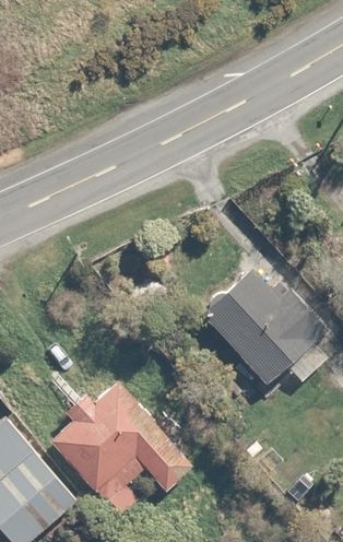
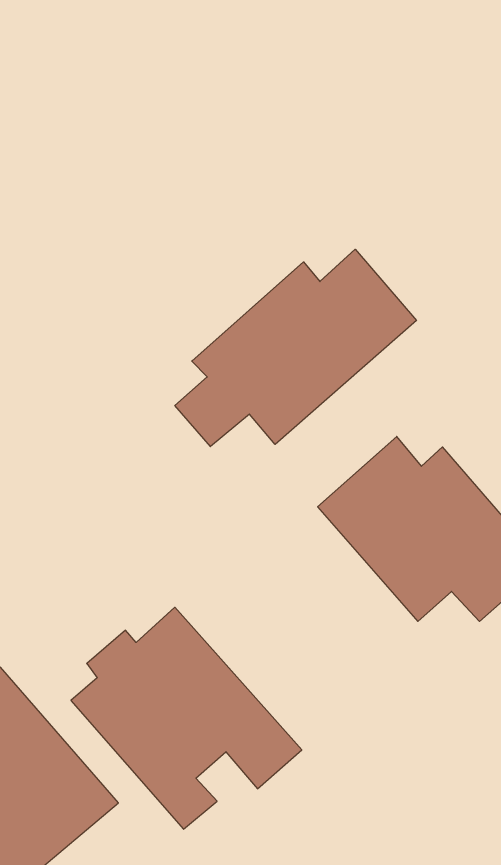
building: none -> [175,249,416,447]

